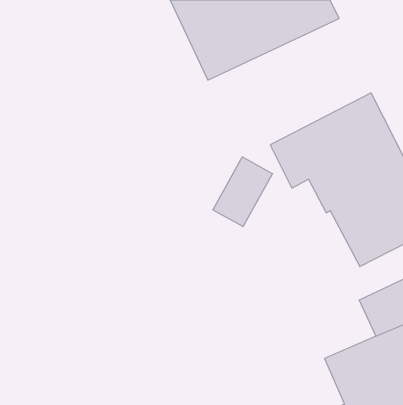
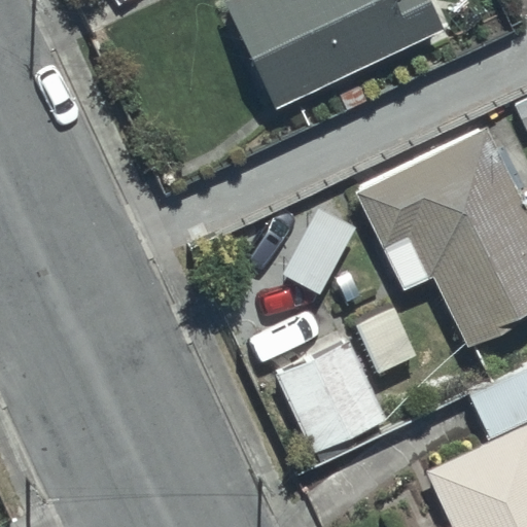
building: none -> [278,340,395,453]

